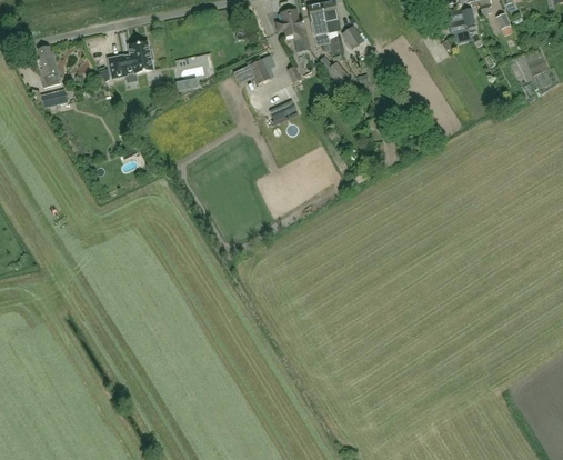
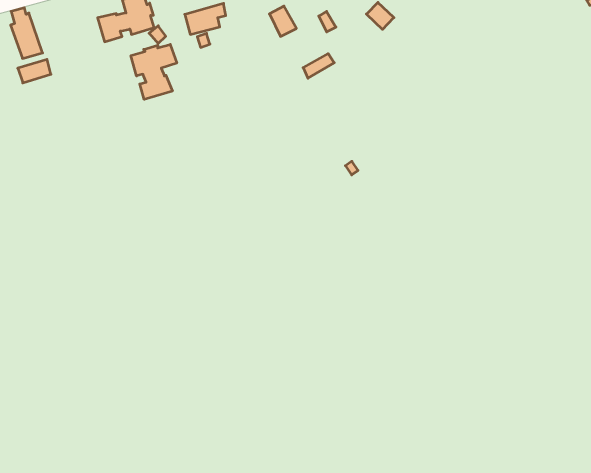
building: none -> [131,44,177,99]

